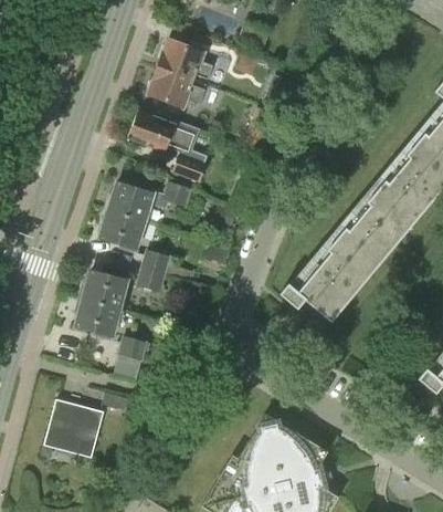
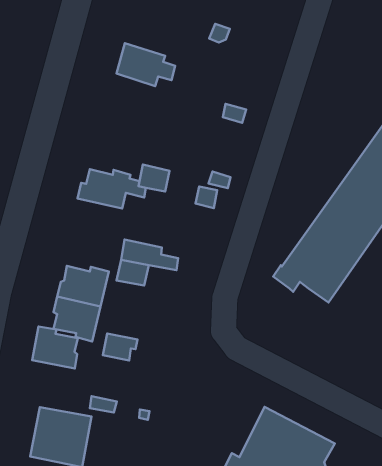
building: [159,40,214,82] -> none
building: [128,113,207,182] -> none
building: [101,209,159,253] -> none
building: none -> [32,326,78,368]

